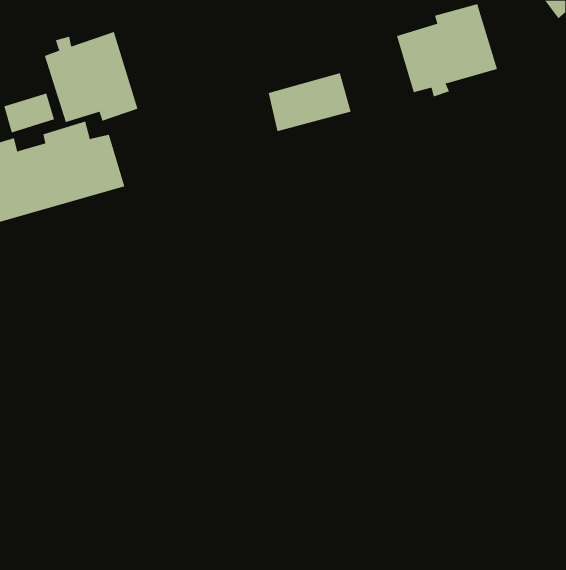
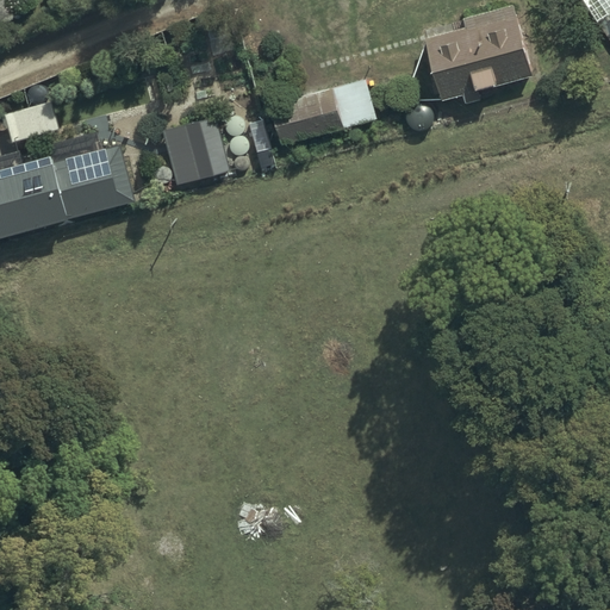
building: [44,31,138,123] -> none
building: none -> [160,116,230,185]

